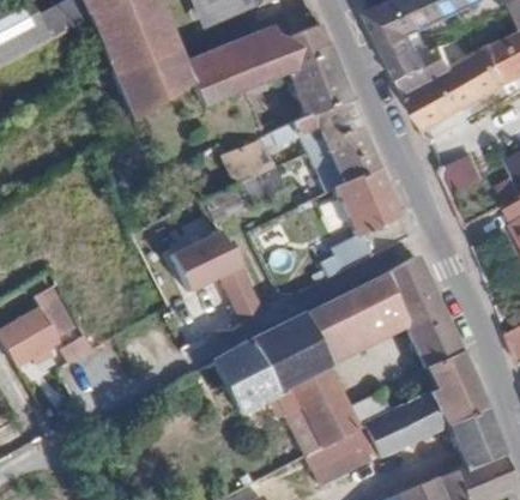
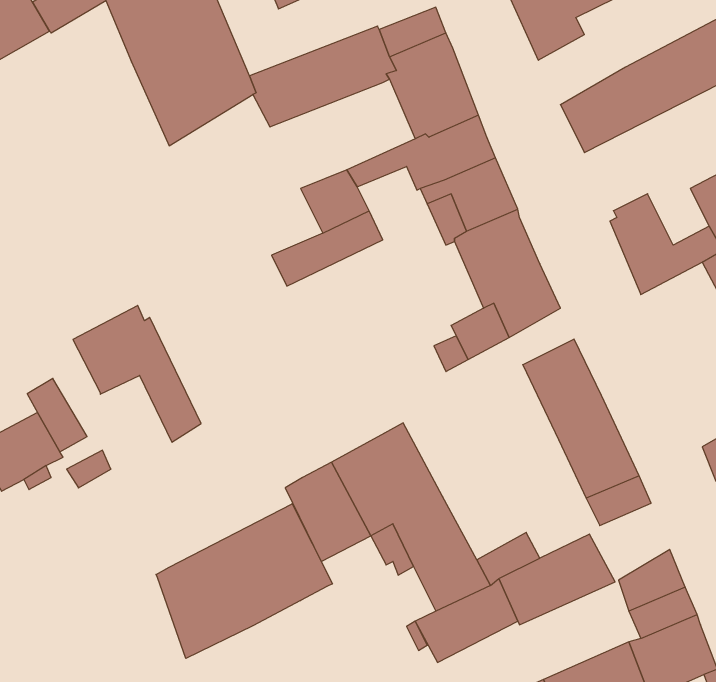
building: [391,43,452,92] -> none
building: [171,231,261,327] -> [73,305,201,442]
building: [296,275,405,367] -> none
building: [425,372,483,427] -> none
building: none -> [156,504,332,658]

